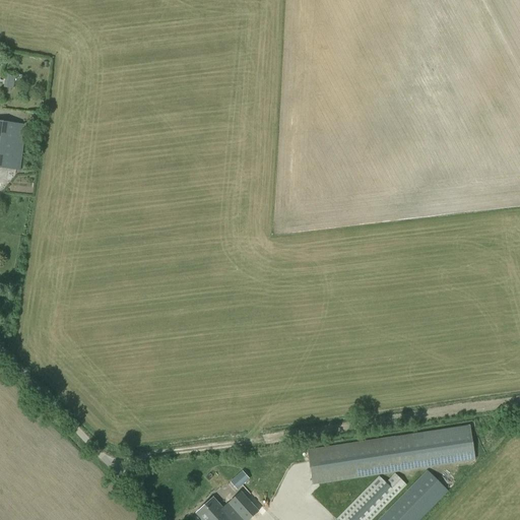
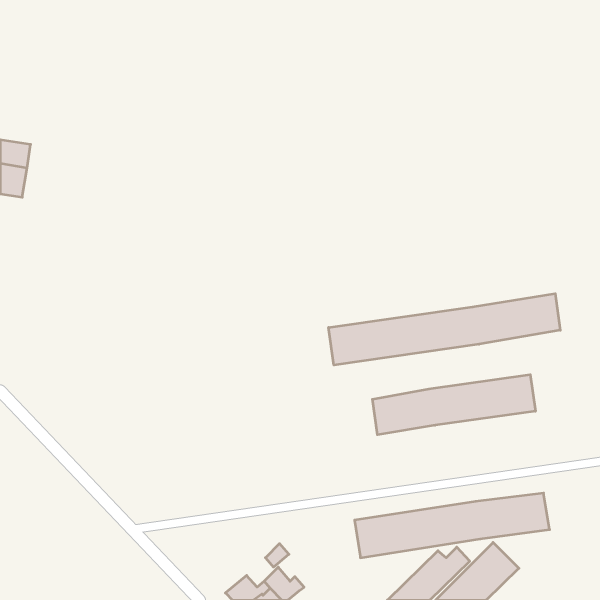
building: none -> [329,294,560,365]
building: none -> [372,375,535,435]

